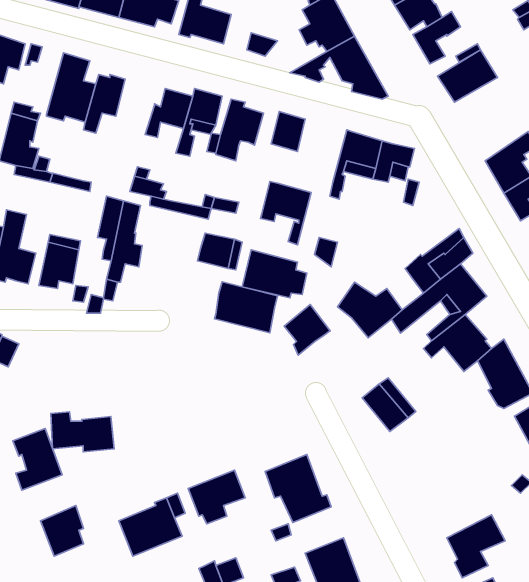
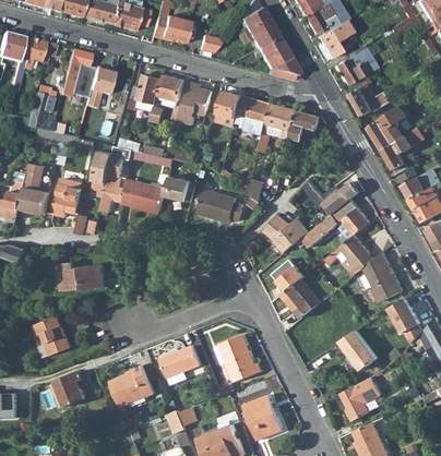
building: none -> [346,75,394,115]
building: [260,182,311,245] -> [235,96,271,141]
building: [214,282,277,333] -> [122,178,167,214]
building: [284,305,330,355] -> [272,257,305,293]
building: [51,412,114,452] -> [58,262,103,290]
building: none -> [342,328,379,367]

